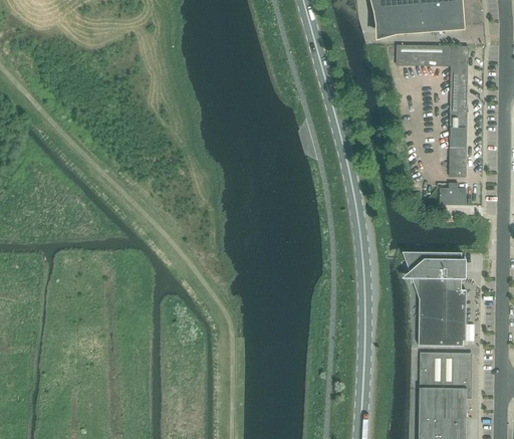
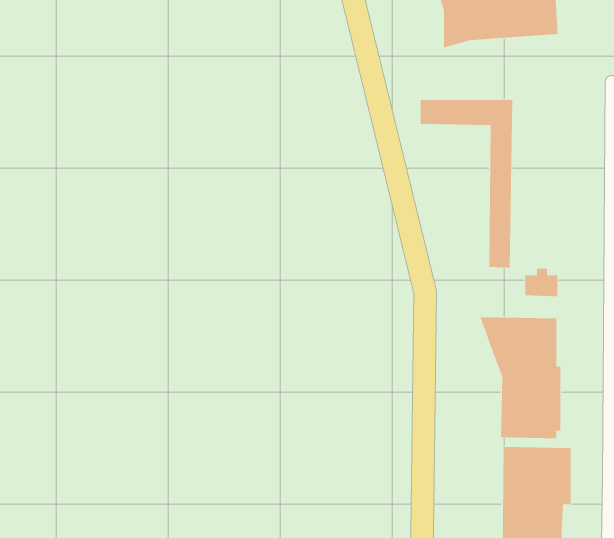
building: [396,45,468,176] -> [420,100,513,268]
building: [440,182,466,204] -> [525,268,558,297]

